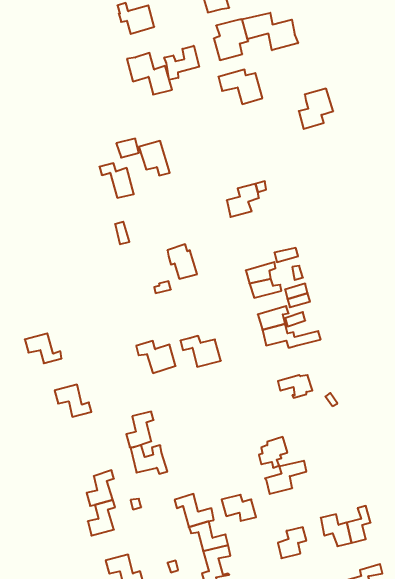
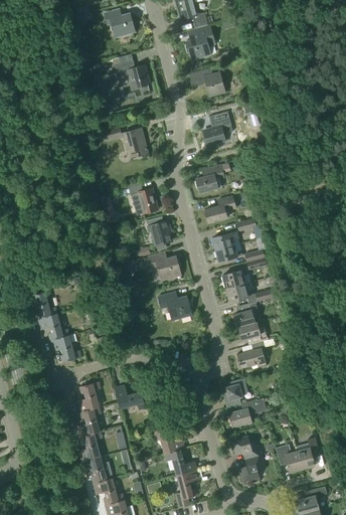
building: [242,13,298,50] -> none
building: [164,46,199,80] -> none
building: [299,89,333,129] -> [204,112,233,146]
building: [99,163,134,198] -> [128,183,157,212]
building: none -> [205,195,235,222]
building: [136,341,176,373] -> [147,252,180,280]
building: none -> [233,301,260,331]
building: none -> [38,312,69,338]
building: none -> [237,342,266,367]
building: [126,412,154,447] -> [77,381,101,411]
building: [222,495,256,521] -> [231,436,261,458]
building: none -> [81,457,113,482]

